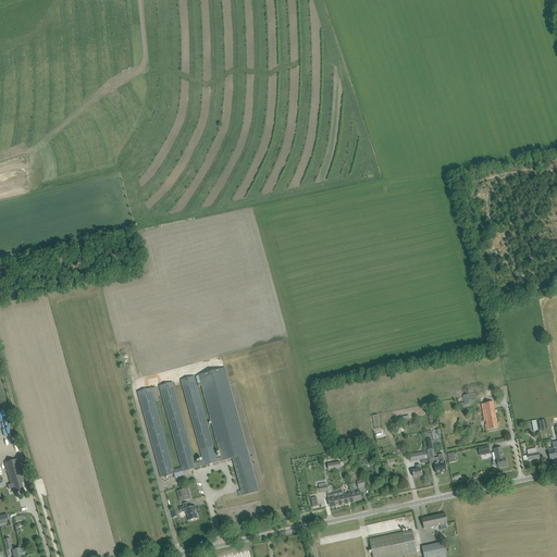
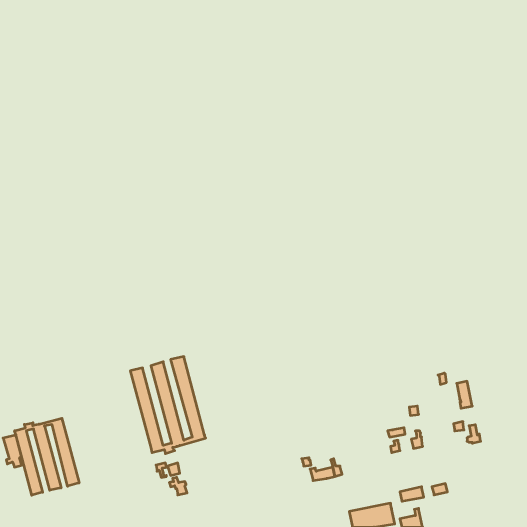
building: [198,367,258,495] -> none
building: none -> [15,418,79,495]

